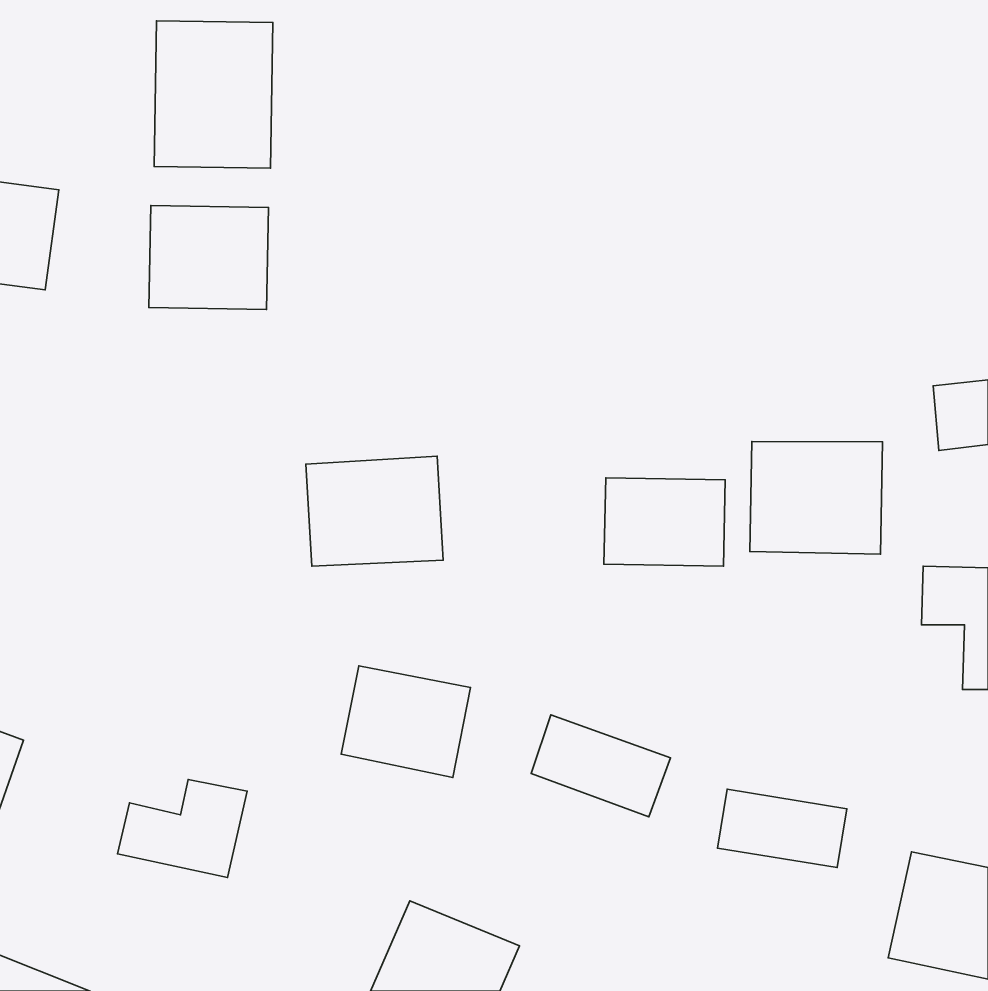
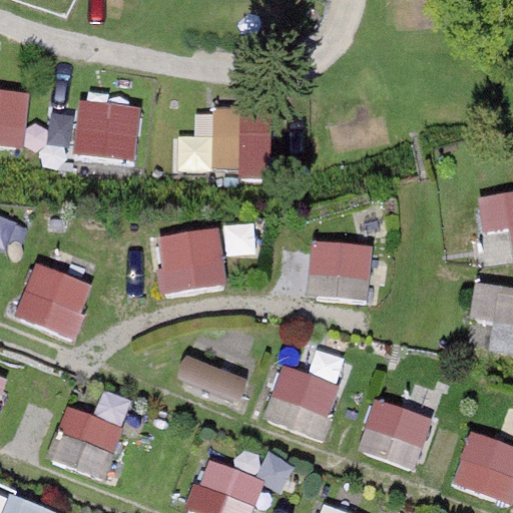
building: [154,21,273,168] -> none
building: none -> [178,107,271,169]
building: [750,441,882,554] -> none
building: none -> [13,266,93,341]

